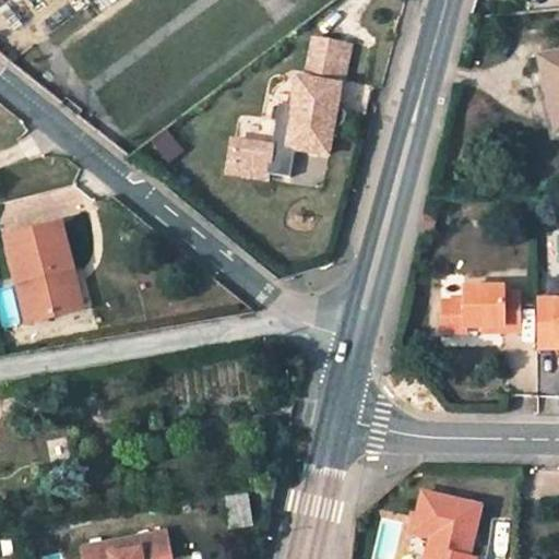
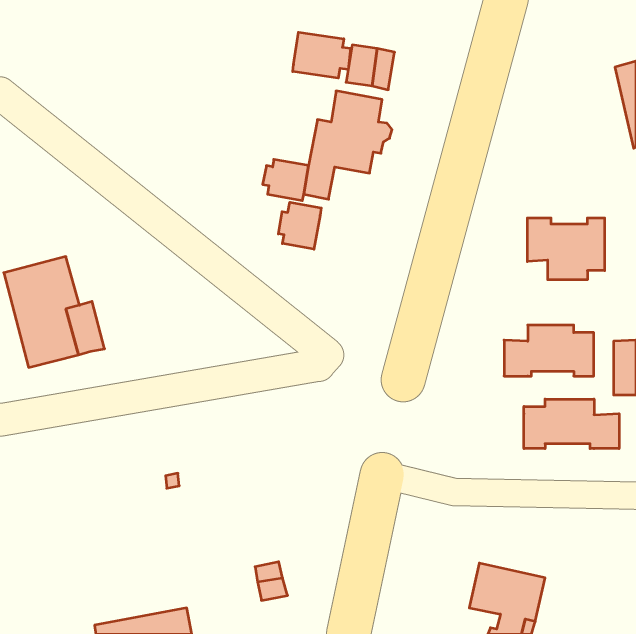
building: none -> [293,32,351,78]
building: none -> [278,202,321,249]
building: none -> [527,218,605,280]
building: none -> [524,399,619,449]

